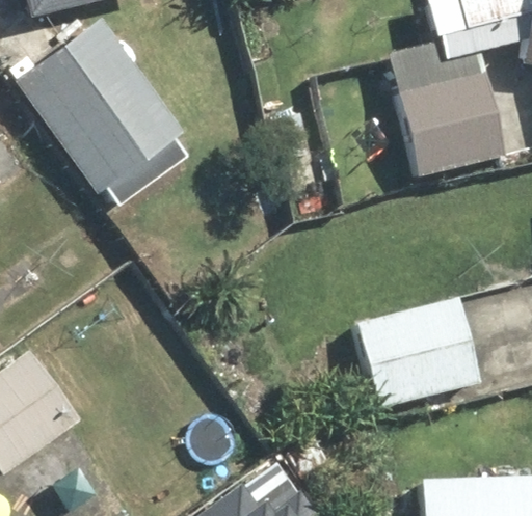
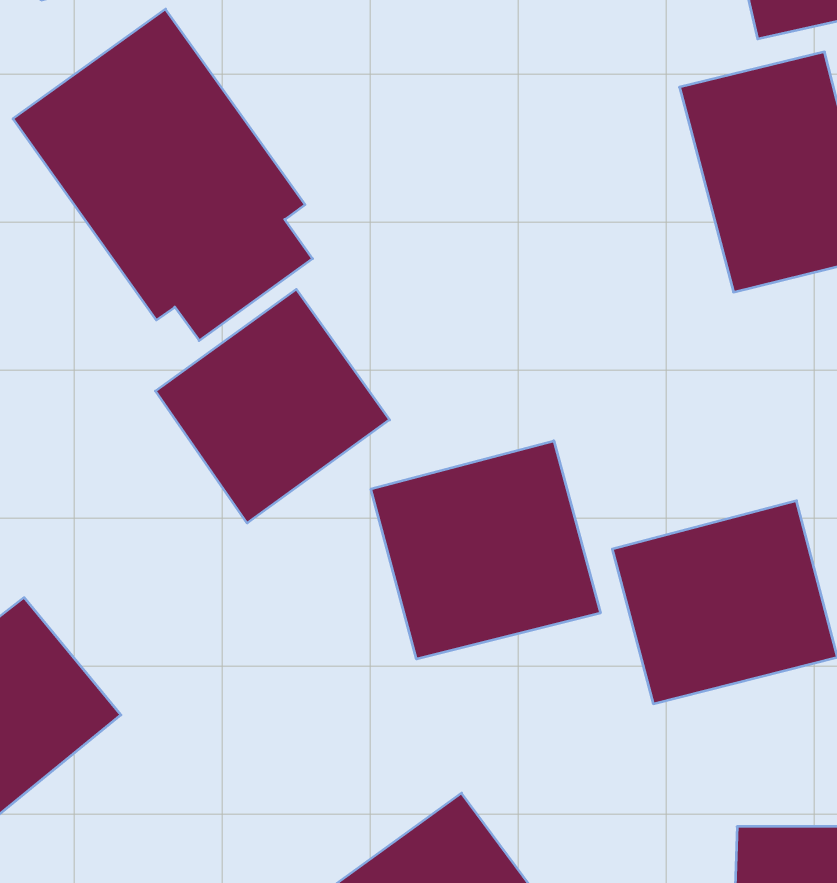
building: none -> [155,289,390,523]
building: none -> [371,441,600,659]

